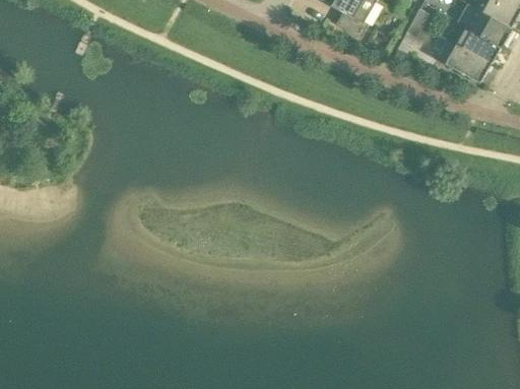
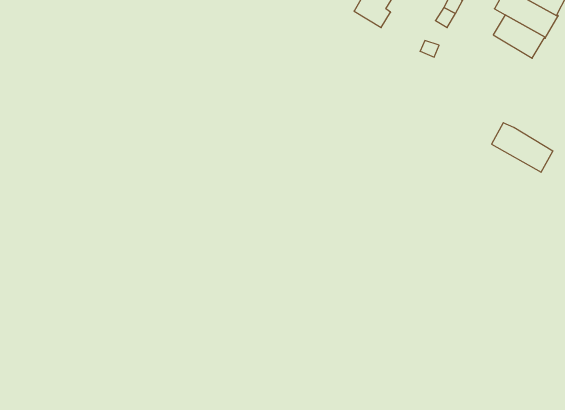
building: [437,37,490,79] -> [492,123,553,172]

